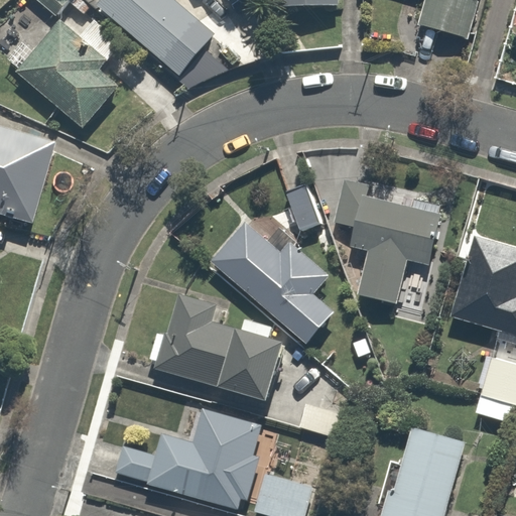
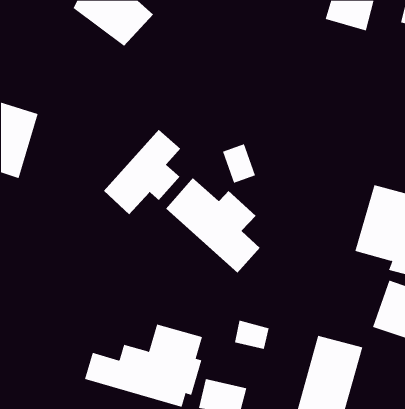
building: [16,18,124,128] -> none
building: none -> [103,129,181,215]
building: [335,178,435,301] -> none
building: [148,290,282,401] -> none

